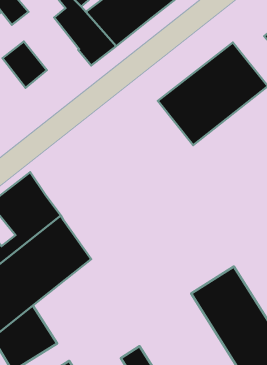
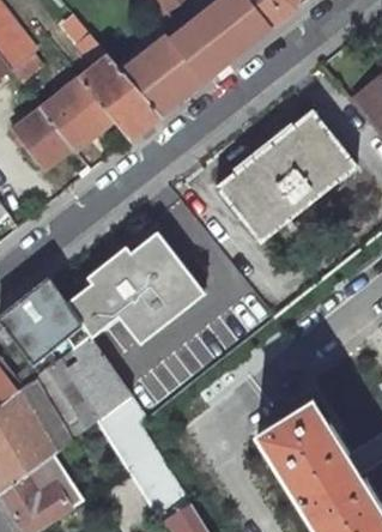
building: none -> [41,78,113,151]
building: none -> [68,232,205,343]
building: none -> [95,391,190,522]

